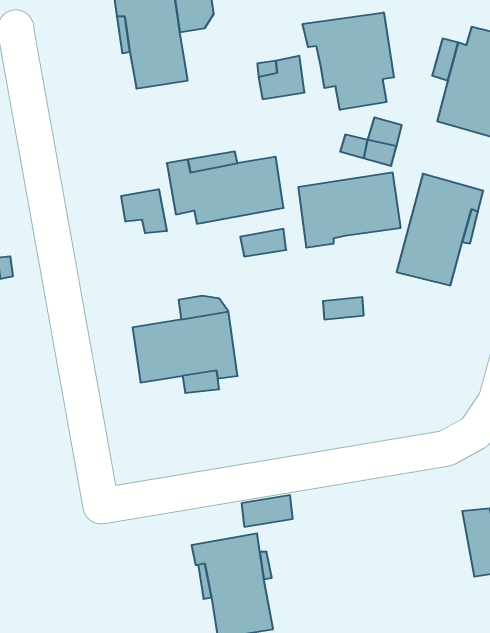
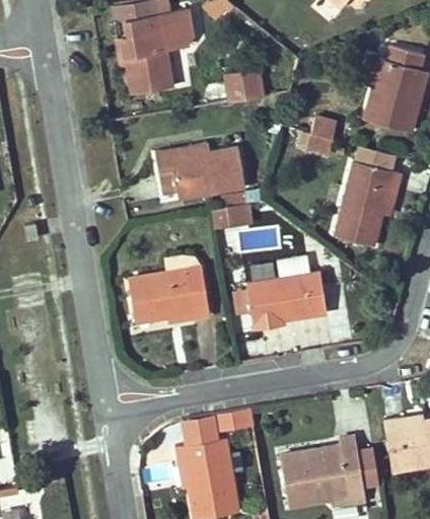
building: [303,12,394,110] -> none
building: [298,173,401,247] -> [247,272,327,329]
building: [121,189,167,233] -> none
building: none -> [280,436,365,507]

